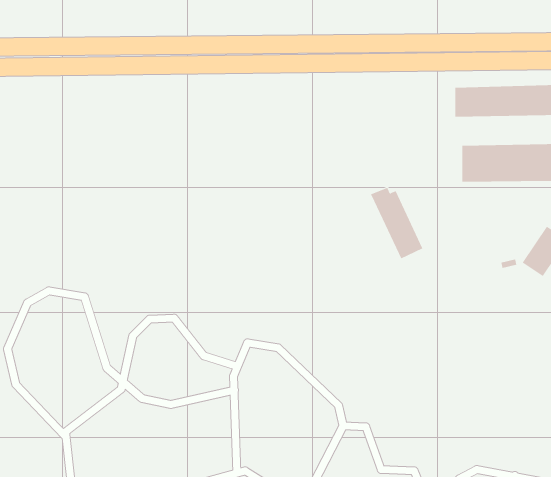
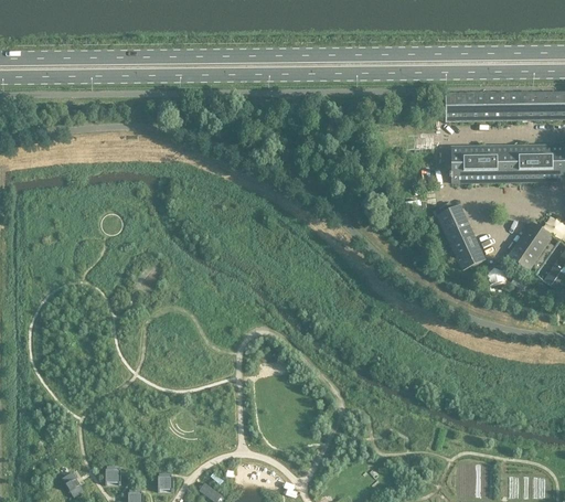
building: [370,187,423,259] -> [434,201,483,268]

